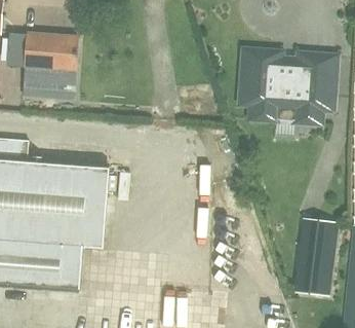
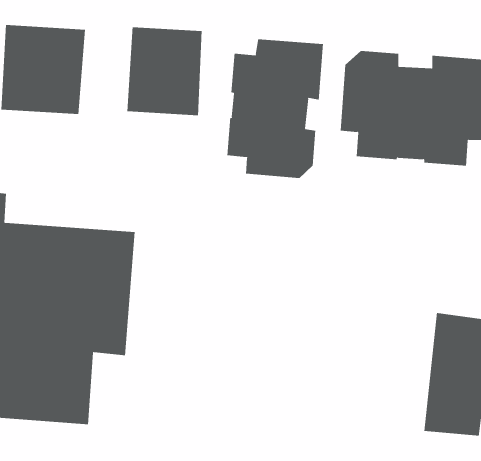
building: none -> [127,27,202,116]
building: none -> [227,39,324,179]

